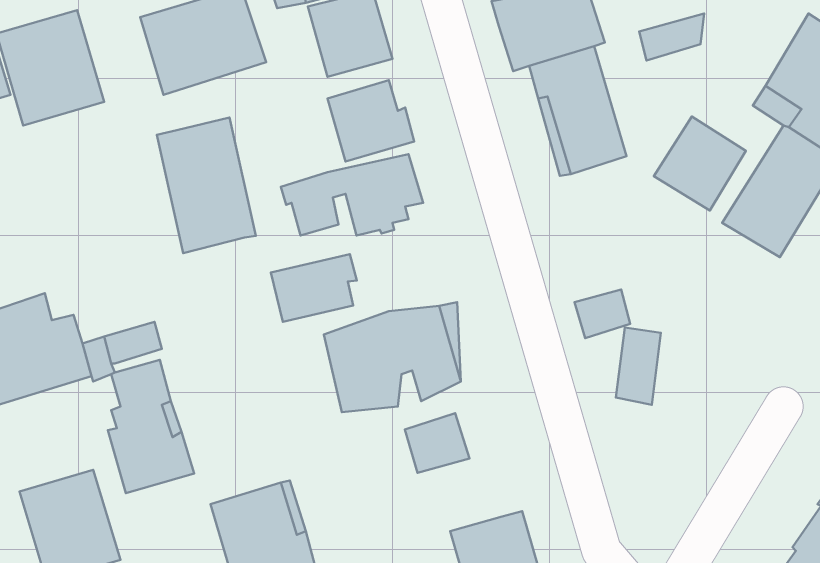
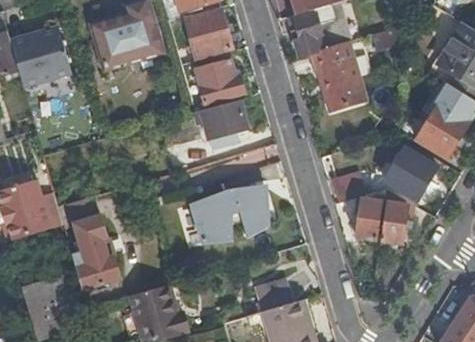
building: [654,117,746,210] -> [384,147,435,199]
building: [157,118,256,253] -> none
building: [271,254,357,322] -> none
building: none -> [381,188,413,243]
building: [405,413,470,473] -> [256,277,292,310]

